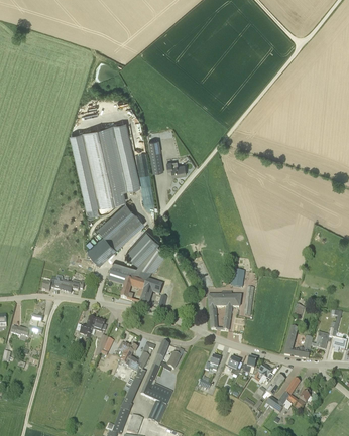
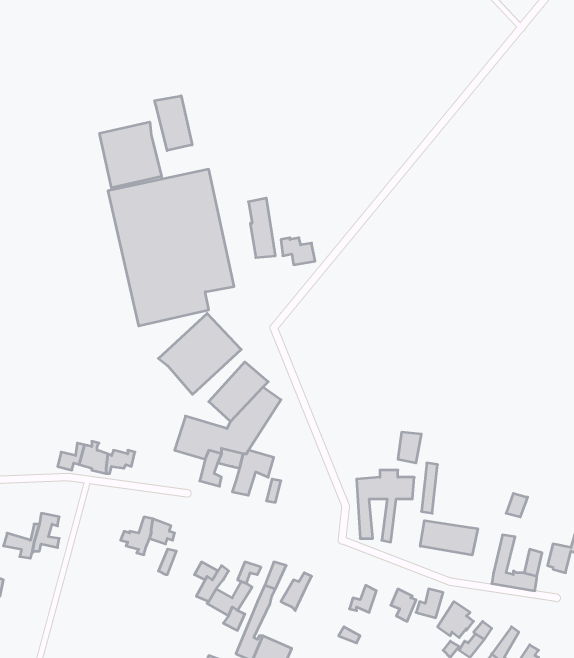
building: none -> [155,96,192,151]
building: none -> [100,122,162,188]
building: [85,232,116,263] -> none
building: none -> [420,521,478,555]

